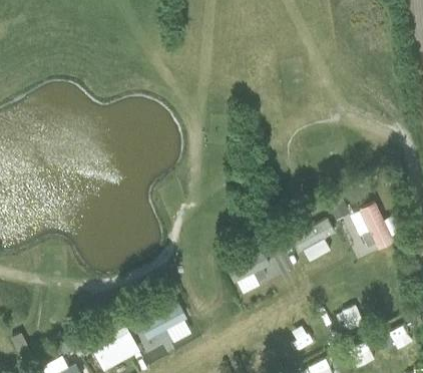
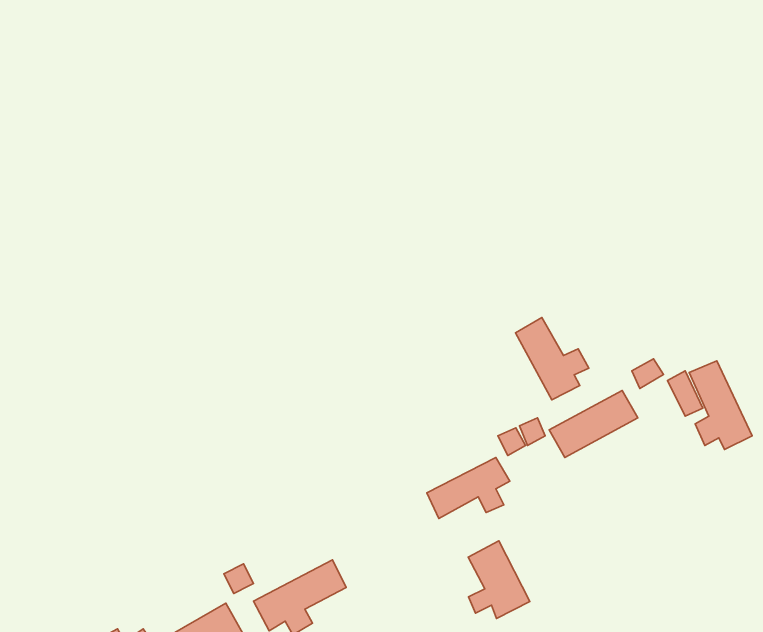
building: none -> [516,317,589,400]
building: none -> [468,541,530,619]

